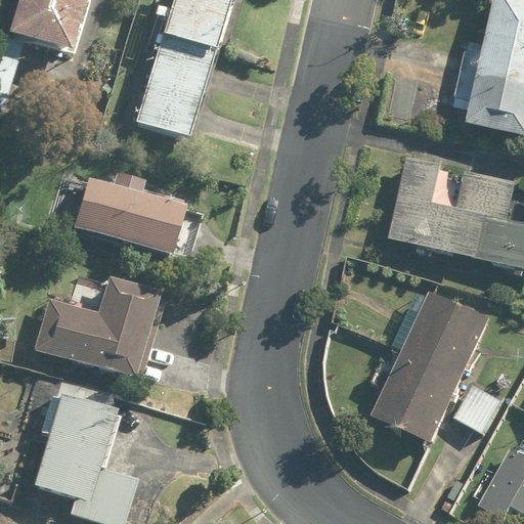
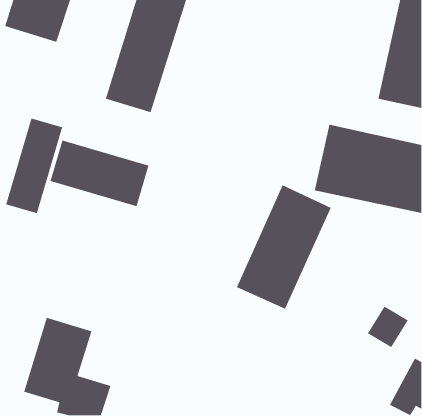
building: none -> [5,118,63,214]
building: [32,274,160,378] -> none
building: [374,288,492,443] -> [236,184,332,310]

